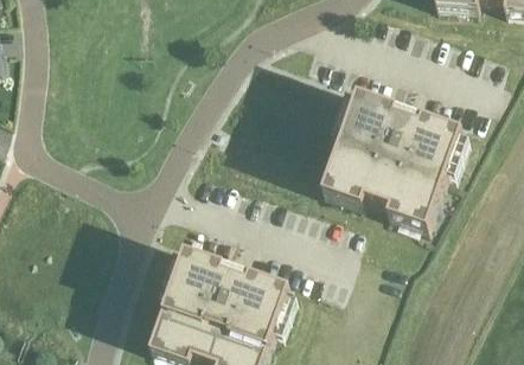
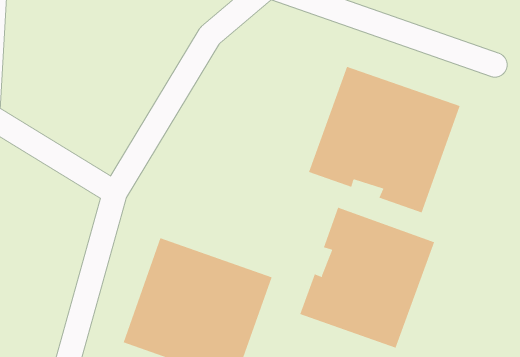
building: none -> [300,207,435,348]

